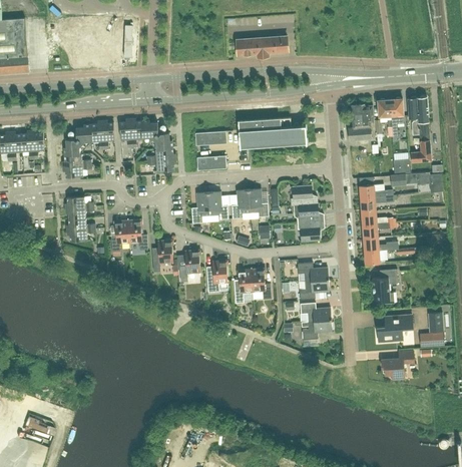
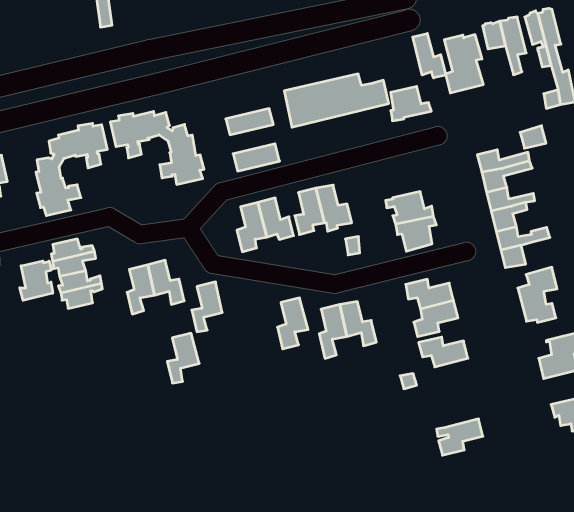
building: none -> [413,33,446,78]
building: [291,185,318,205] -> [391,86,431,121]
building: none -> [20,261,53,300]
building: [179,251,200,282] -> [167,333,199,383]
building: [302,320,332,340] -> [437,419,483,455]

